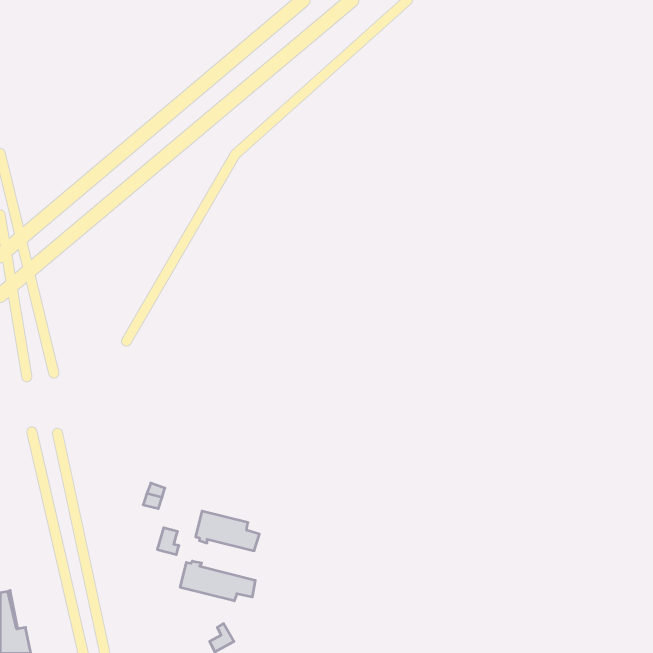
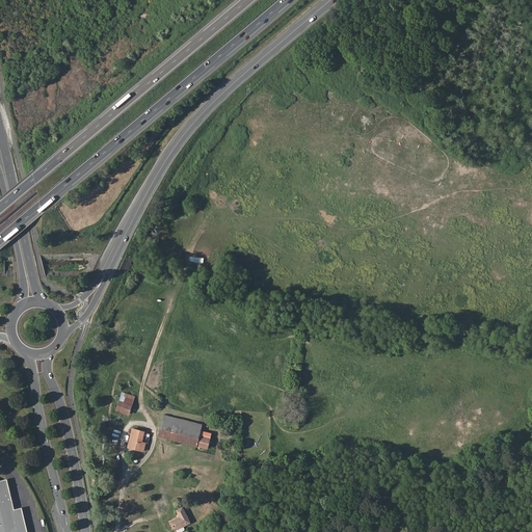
building: [180,561,255,601] -> none

